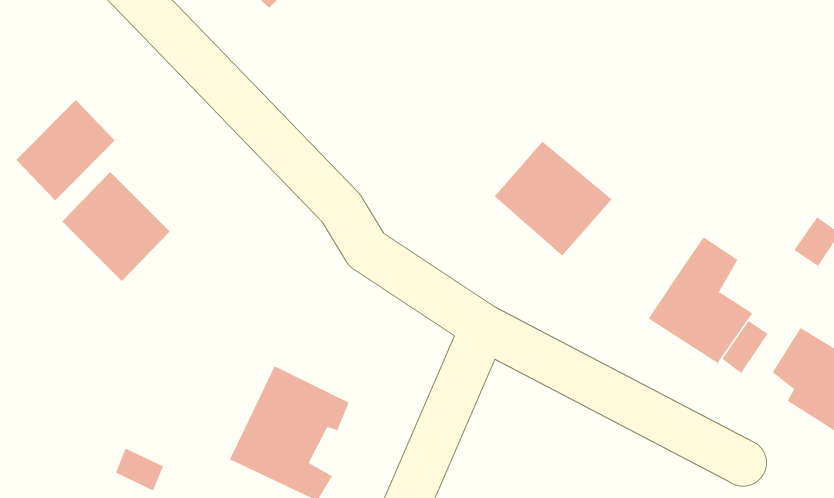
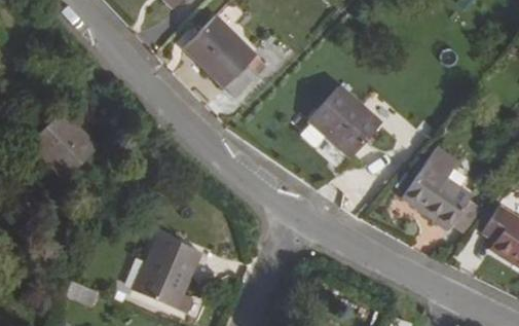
building: none -> [180,19,251,99]
building: [15,99,116,201] -> none

